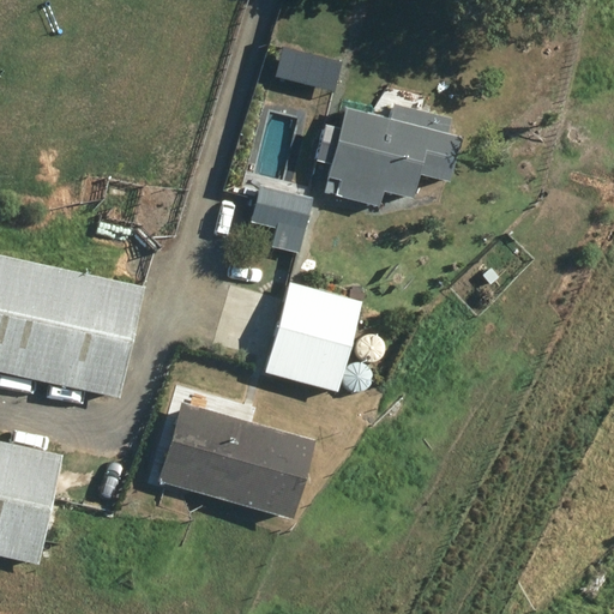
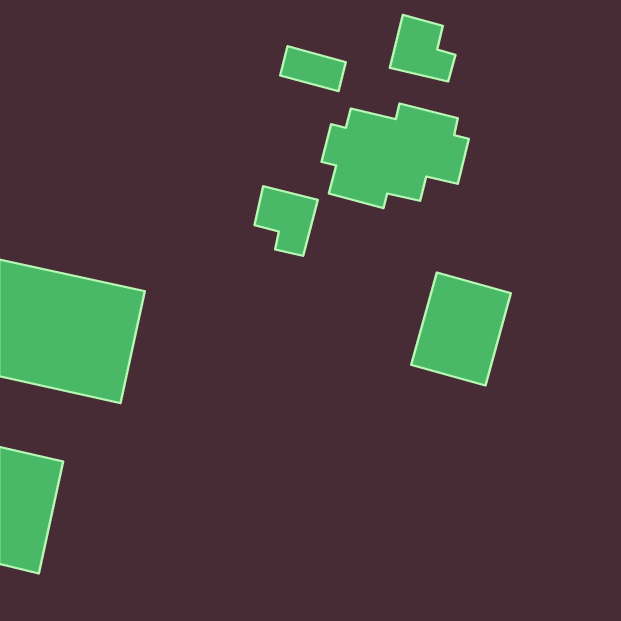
building: none -> [390,15,456,82]
building: [264,281,362,392] -> [411,272,511,386]
building: [159,402,314,517] -> none

